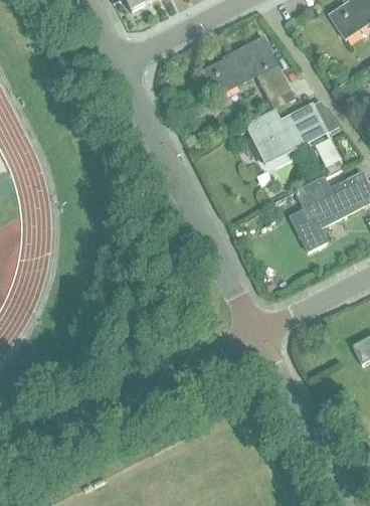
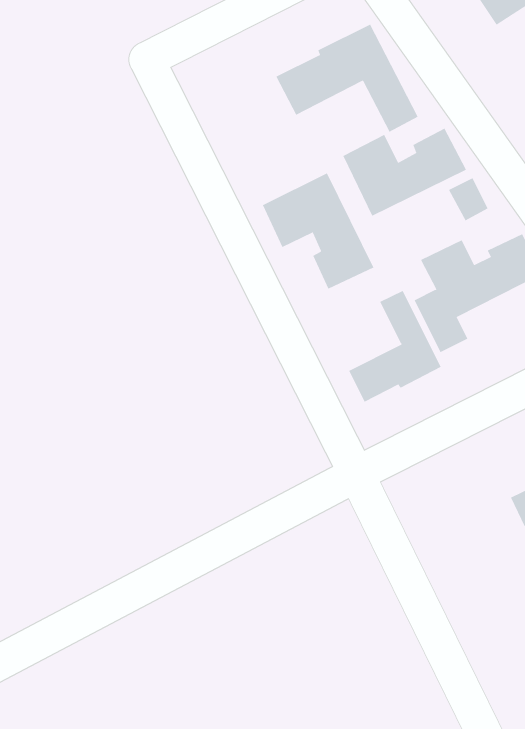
building: none -> [262,172,374,289]
building: none -> [349,290,442,403]

